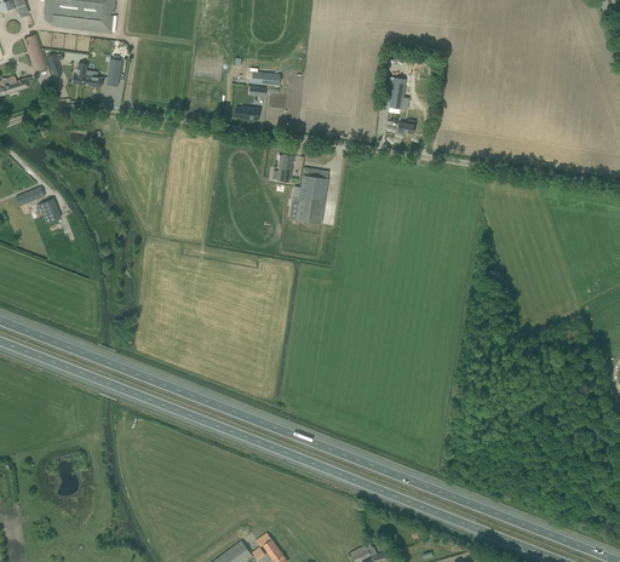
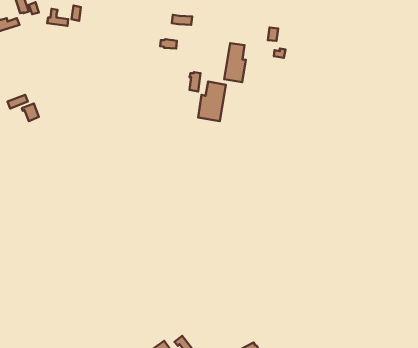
building: none -> [224,43,246,82]

